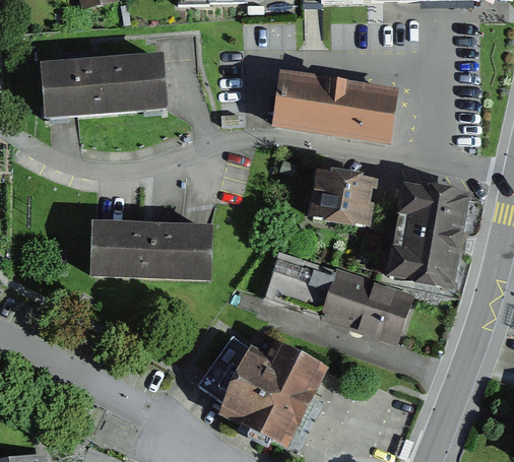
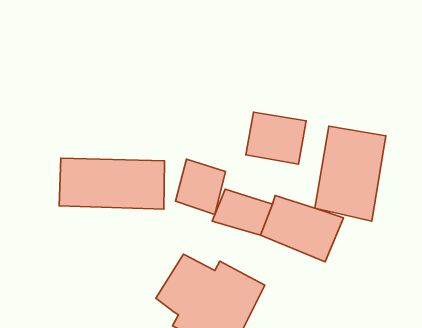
building: [42,53,164,122] -> none
building: [272,71,398,146] -> none
building: none -> [176,159,226,215]

